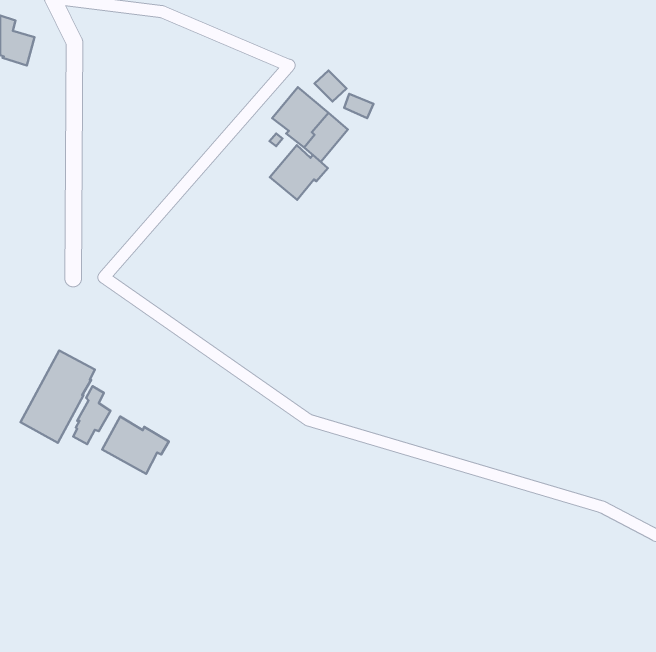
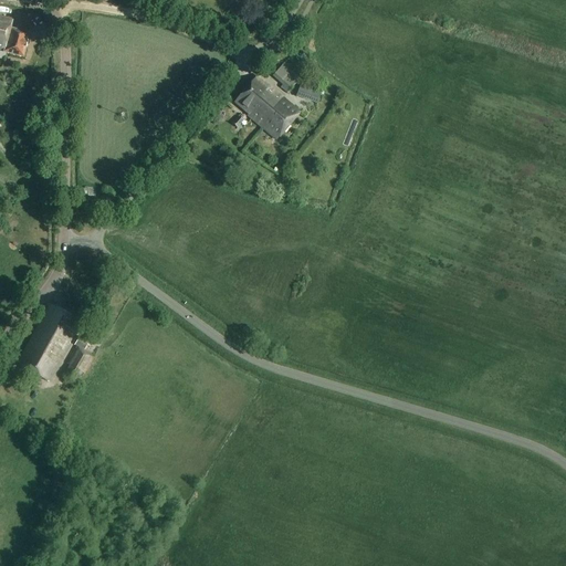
building: [270,145,328,200] -> none
building: [102,417,169,474] -> none

